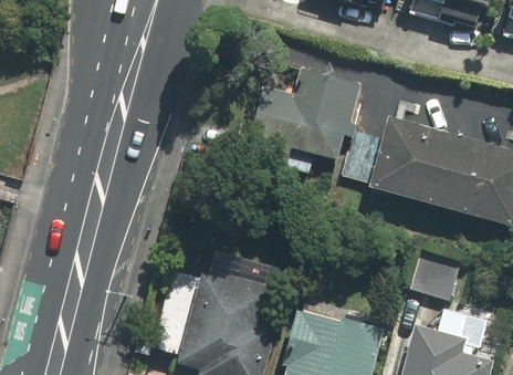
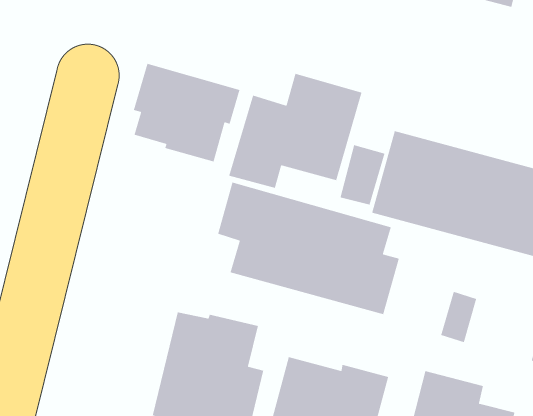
building: none -> [133,63,240,162]
building: none -> [217,182,400,315]

